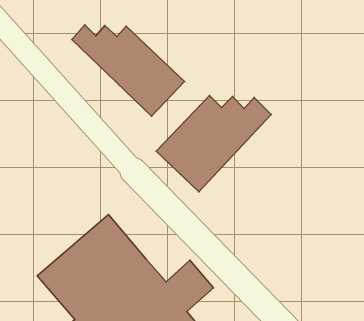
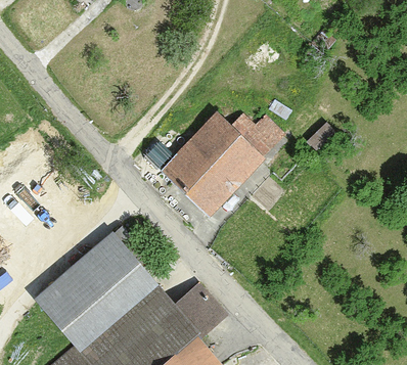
building: [72,25,185,116] -> none

